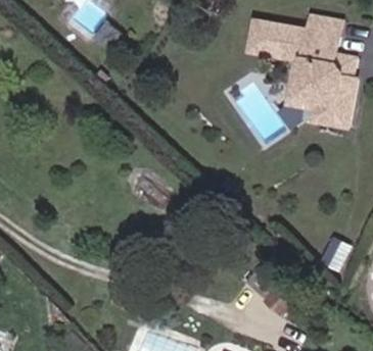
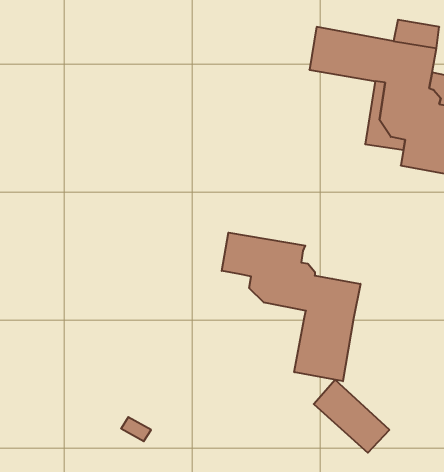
building: none -> [222,233,360,381]

